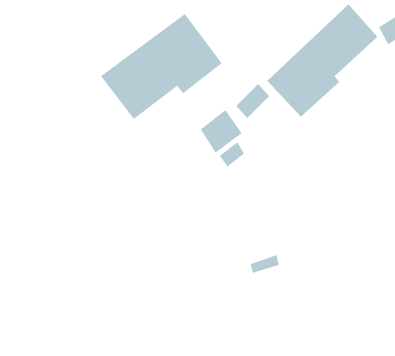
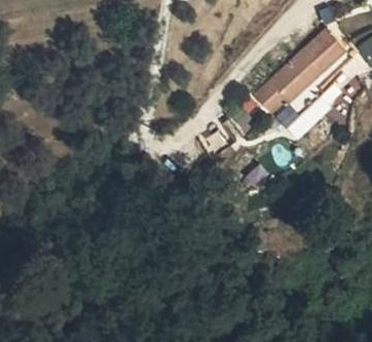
building: [100,13,222,120] -> none

